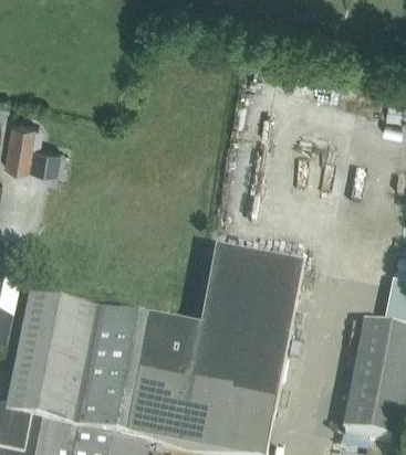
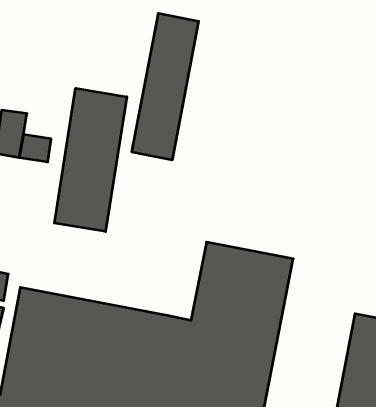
building: none -> [132,13,199,160]
building: none -> [54,88,127,232]

